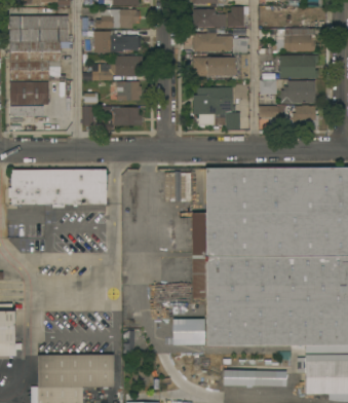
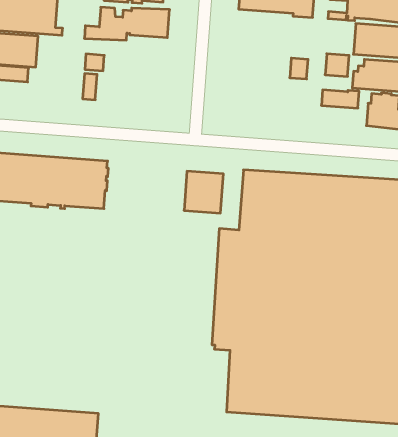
building: [193,54,249,79] -> none
building: [117,82,142,101] -> none
building: [193,87,240,130] -> none
building: [102,106,142,126] -> none
building: [171,319,204,345] -> none

